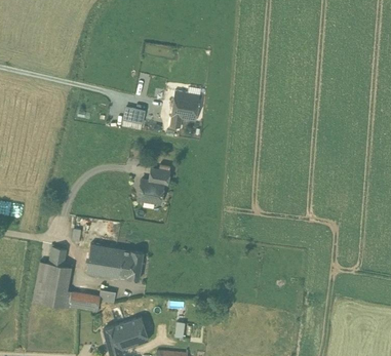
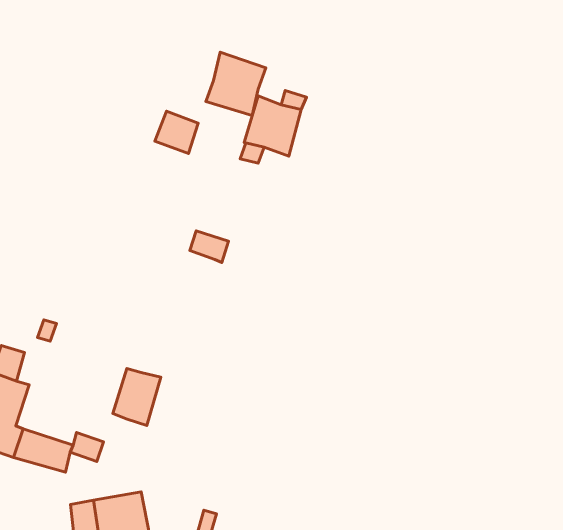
building: none -> [206,52,266,116]
building: [139,180,164,203] -> none
building: [87,244,124,278] -> none

